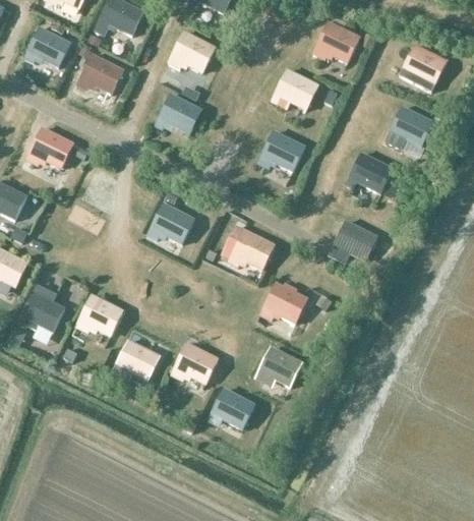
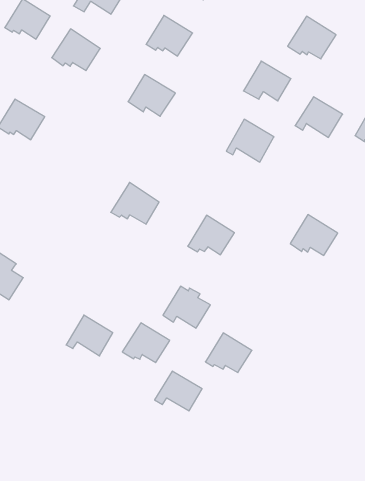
building: [345,154,392,193] -> [295,97,343,137]
building: [260,283,307,324] -> [163,286,210,328]
building: [76,296,123,336] -> none

